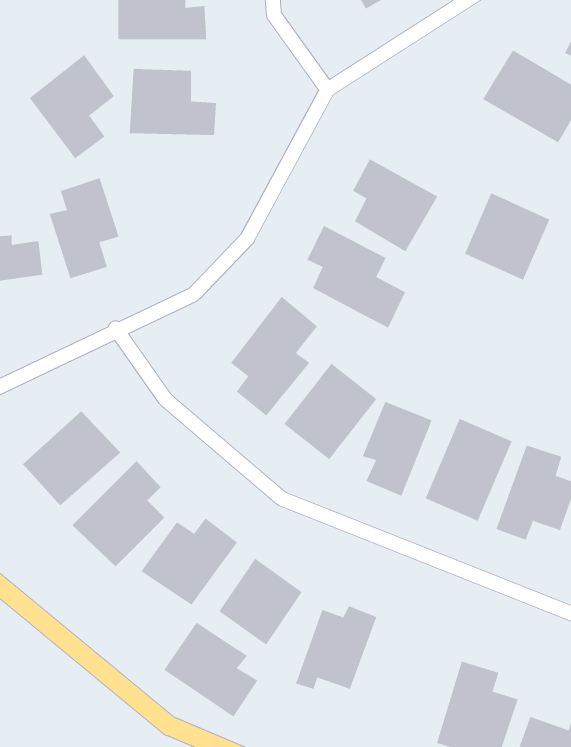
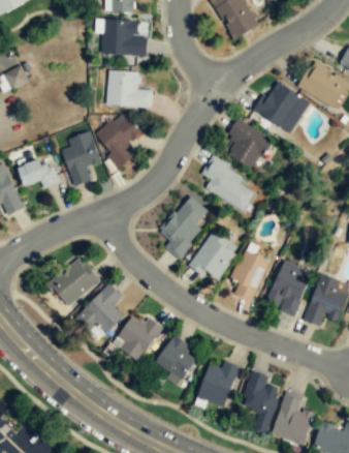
building: [29,54,115,159] -> [94,110,140,167]
building: [464,193,550,280] -> [256,81,303,128]
building: [164,622,258,718] -> none
building: none -> [241,371,281,432]

